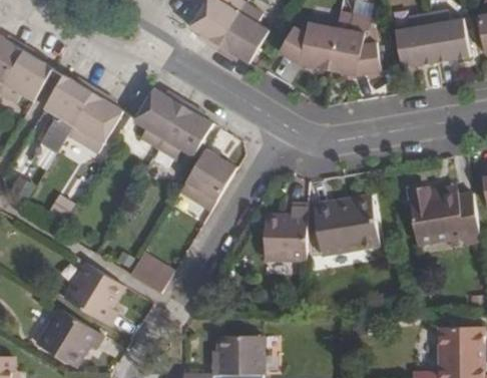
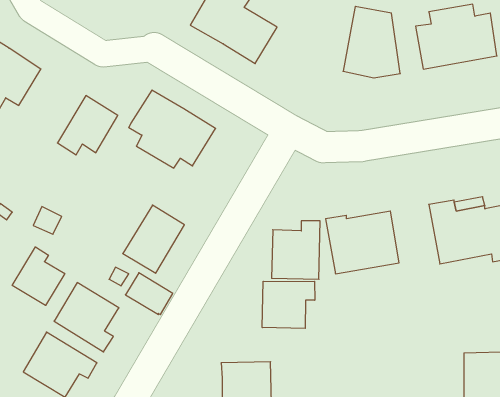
building: [279,23,337,71] -> none
building: [40,75,94,154] -> none
building: [180,149,236,212] -> [123,205,184,273]
building: none -> [12,247,65,305]
building: none -> [262,281,315,328]

